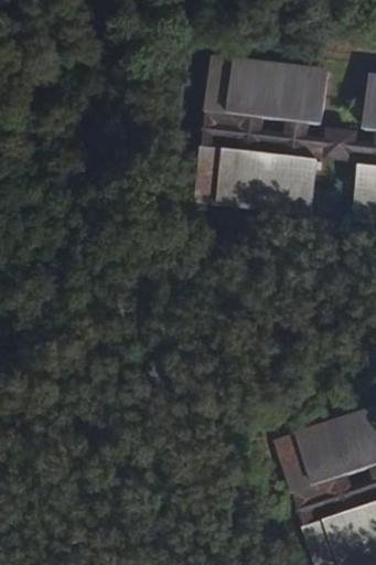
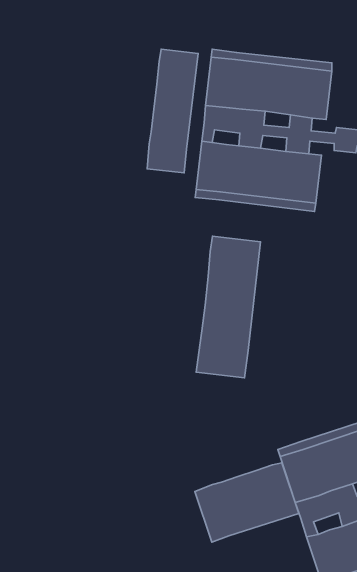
building: none -> [147,49,198,173]
building: none -> [196,236,261,378]
building: none -> [195,463,299,542]

